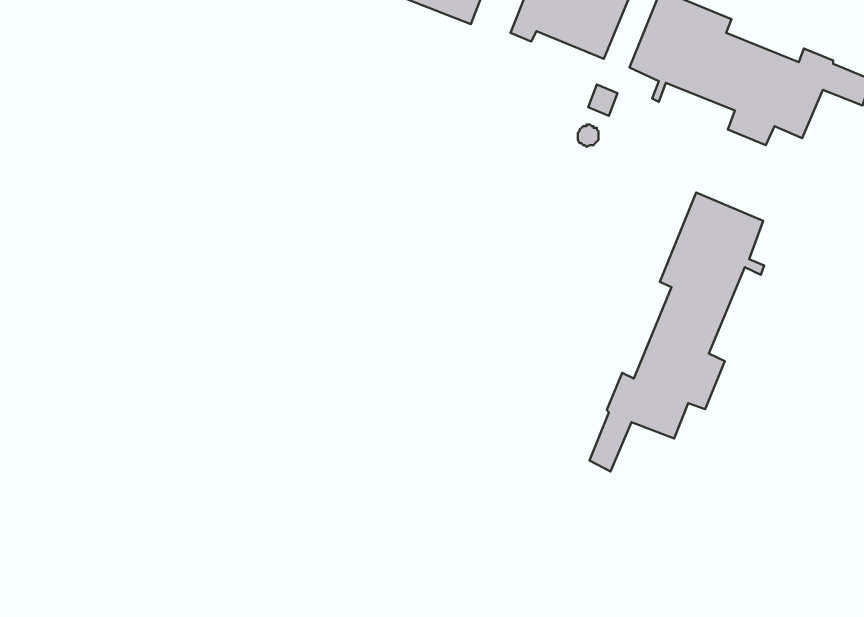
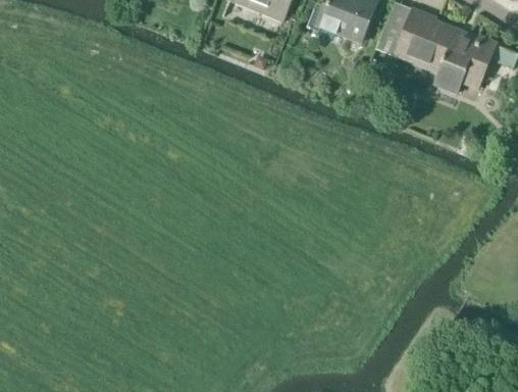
building: [589,192,764,472] -> none

